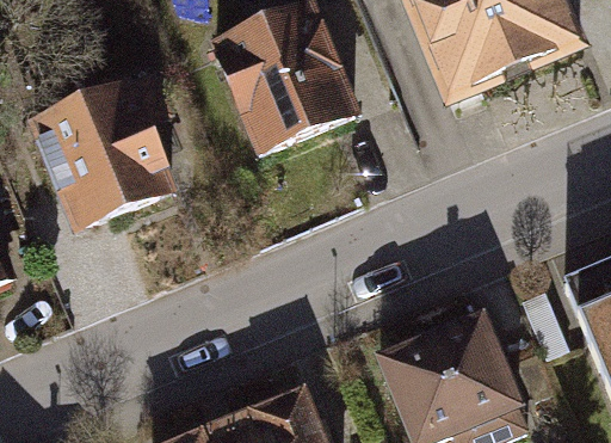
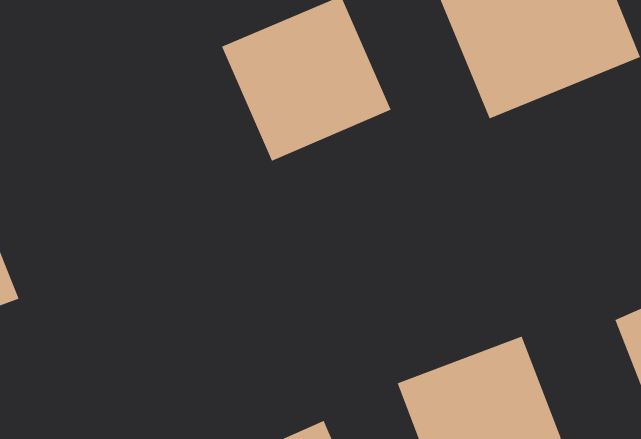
building: [18,74,183,233] -> none

